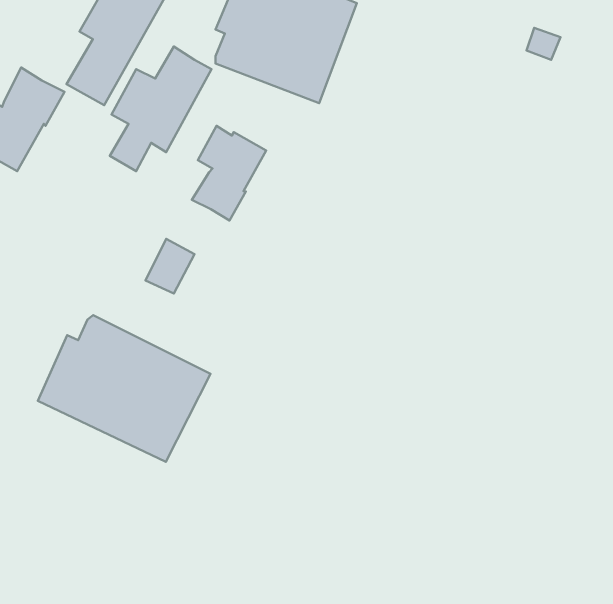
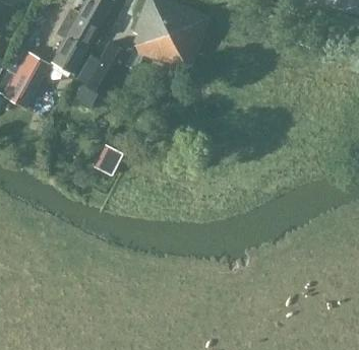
building: [192,126,266,221] -> none
building: [38,315,210,462] -> none

